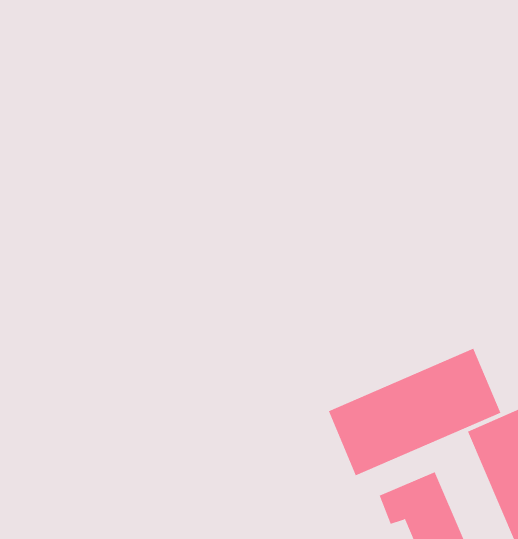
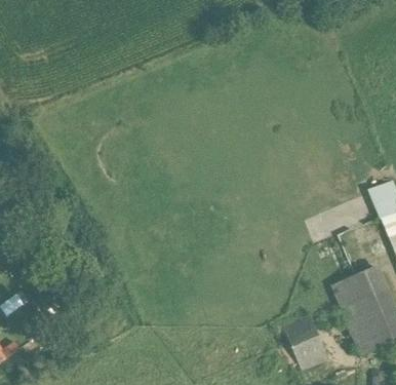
building: [328,348,501,476] -> none

